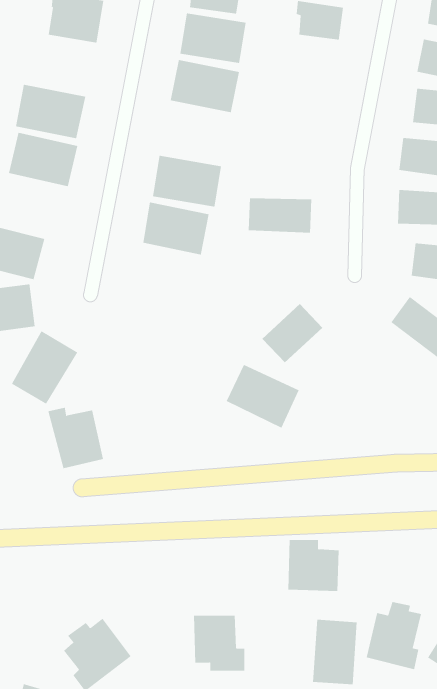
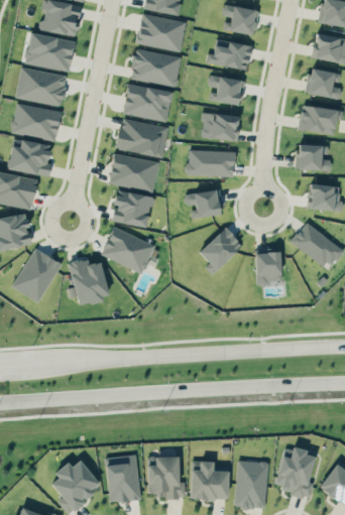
building: none -> [24,33,74,71]
building: none -> [206,39,251,71]
building: none -> [207,76,244,105]
building: none -> [123,85,171,121]
building: none -> [201,114,239,141]
building: none -> [8,139,50,175]
building: none -> [184,189,222,219]
building: none -> [112,190,152,227]
building: none -> [255,252,280,286]
building: [226,364,300,429] -> [101,227,155,274]
building: [48,407,104,469] -> [68,260,109,305]
building: [287,539,340,591] -> [190,462,228,500]
building: none -> [105,456,139,503]

